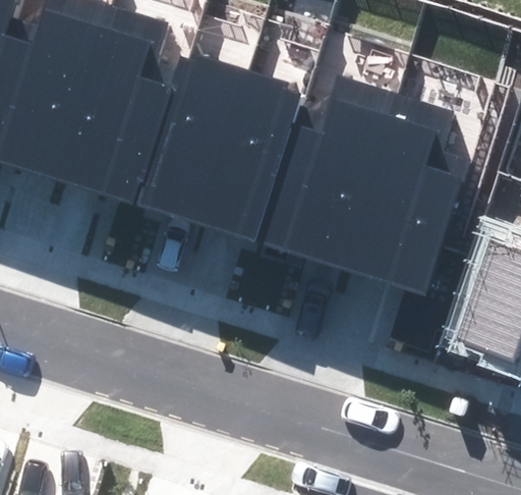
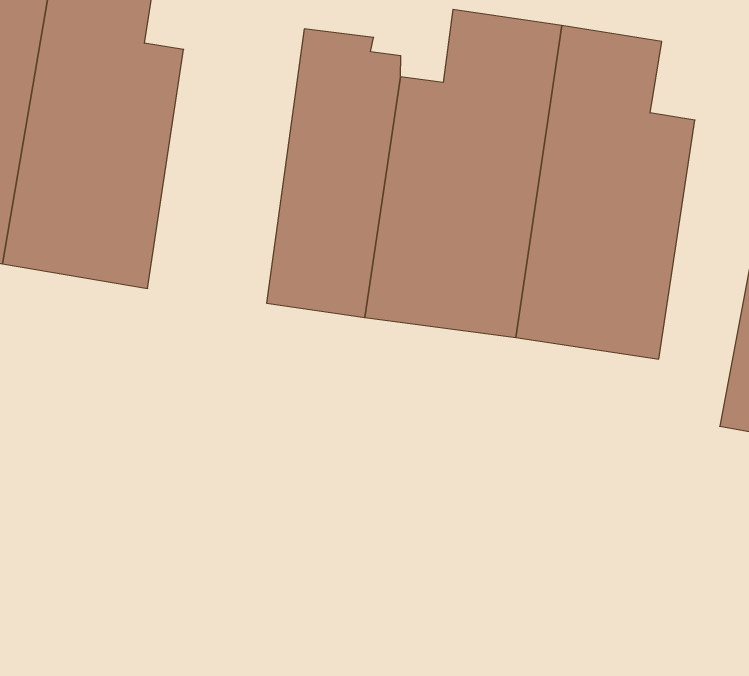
building: [130,51,245,225] -> none

